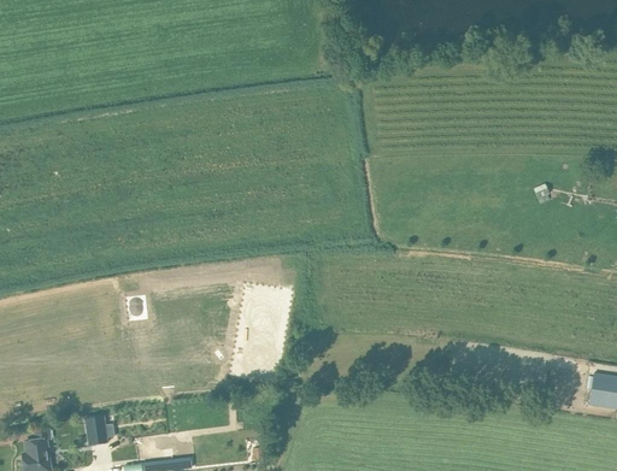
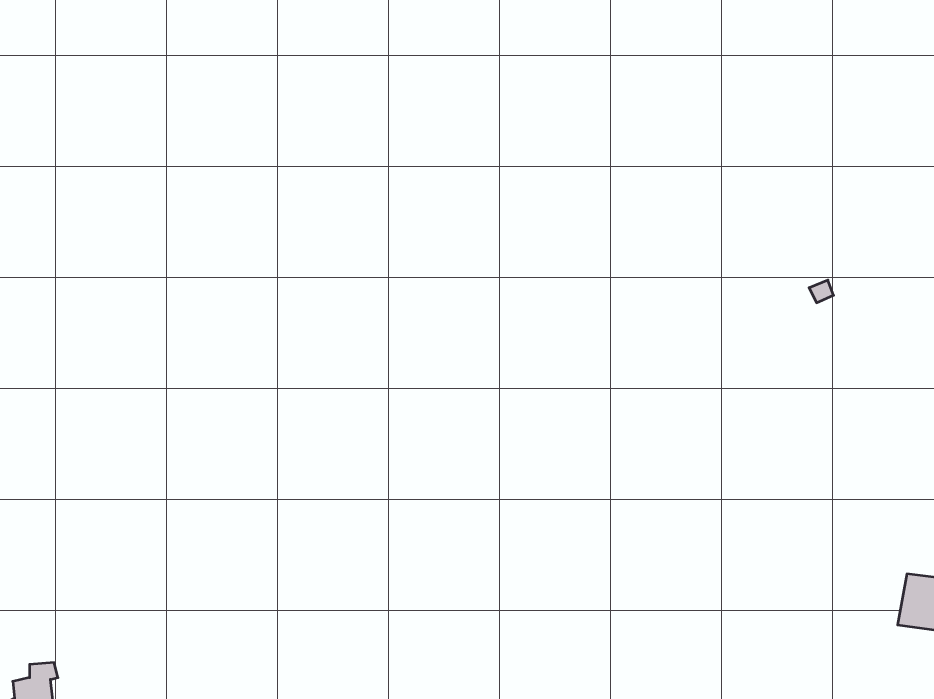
building: [84,416,107,446] -> none

